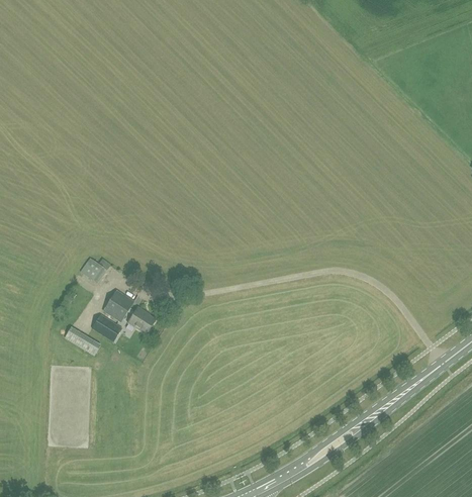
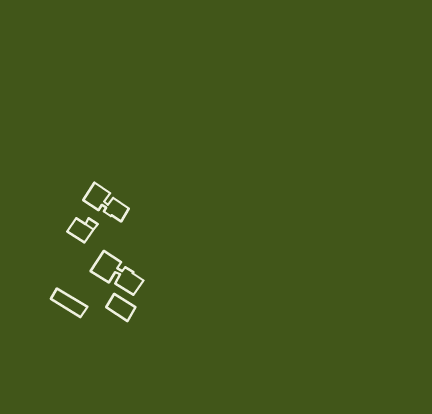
building: none -> [83,183,129,221]
building: [92,313,121,340] -> [106,294,136,321]

